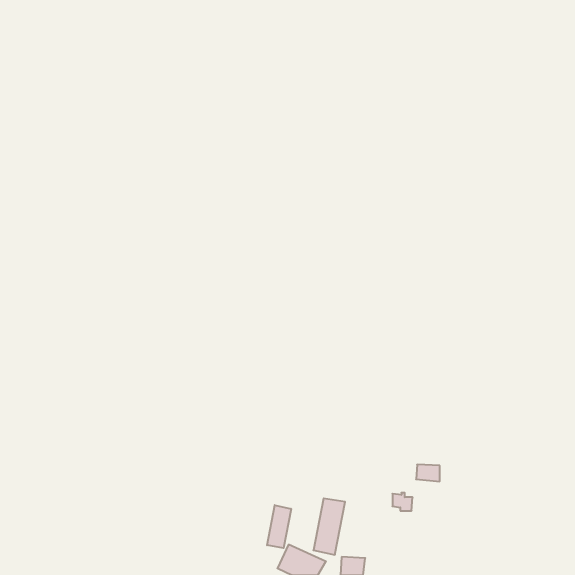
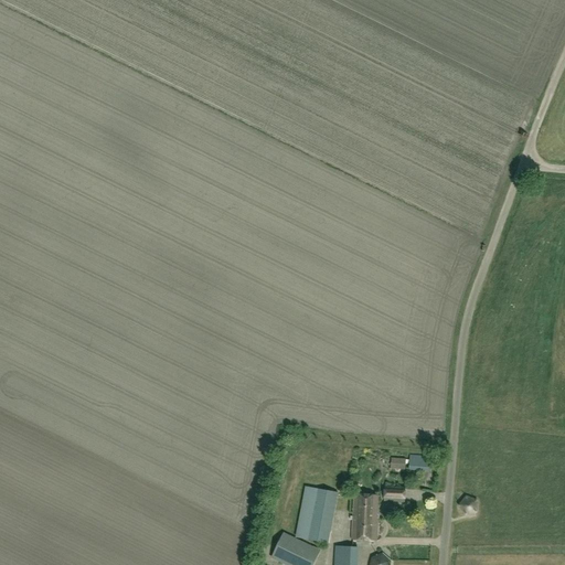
building: [267,505,291,548] -> none
building: none -> [351,494,379,539]

